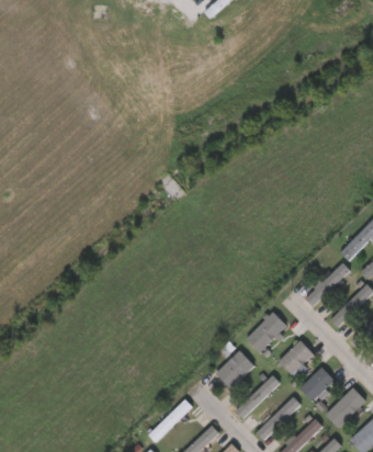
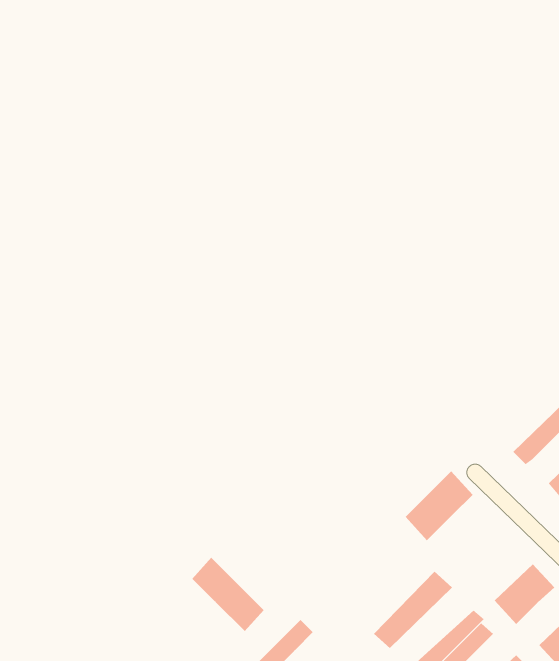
building: [279,338,315,373] -> none
building: [217,349,256,387] -> none
building: none -> [191,557,265,632]

